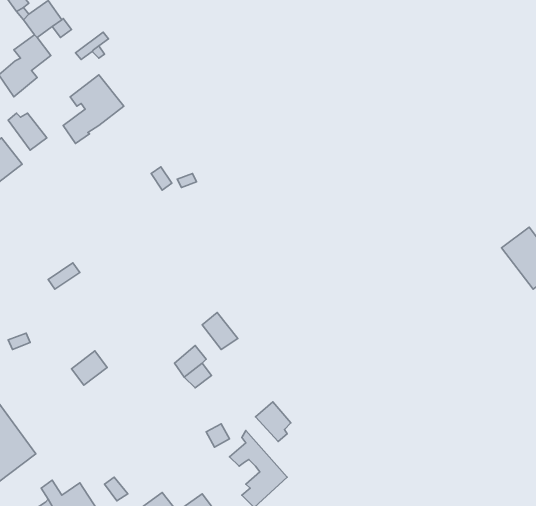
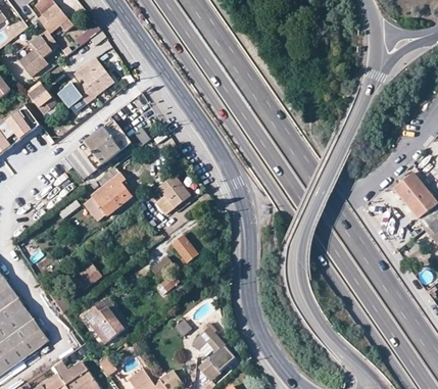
building: none -> [70,120,130,176]
building: none -> [90,173,132,215]
building: none -> [154,174,190,214]
building: none -> [83,296,131,344]
building: [256,402,291,441] -> none

